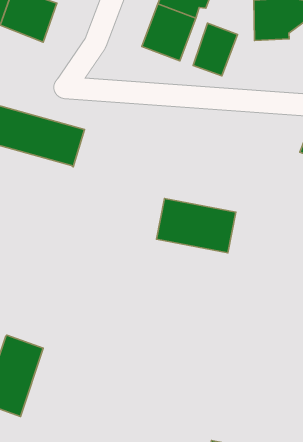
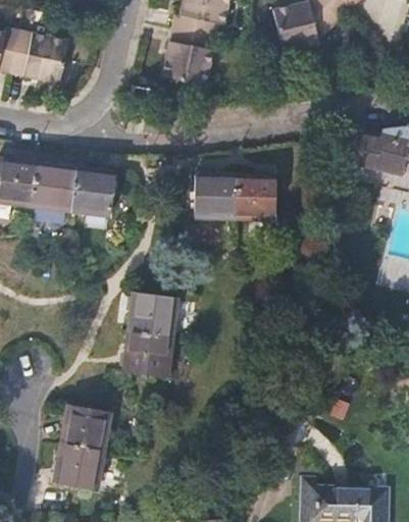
building: [193,23,237,76] -> none
building: [156,199,236,253] -> [195,173,275,221]
building: none -> [121,292,174,378]

